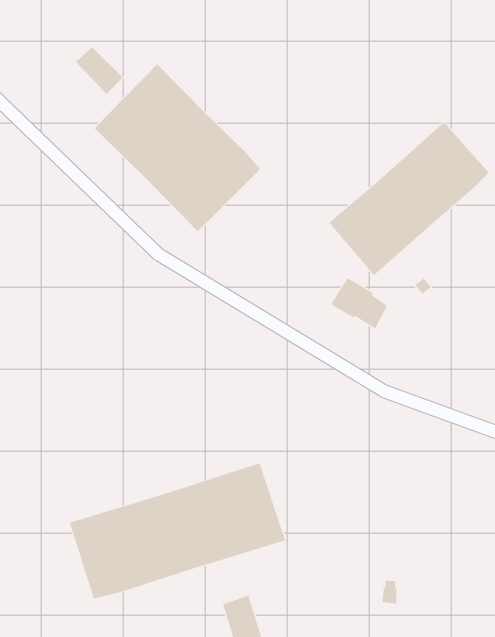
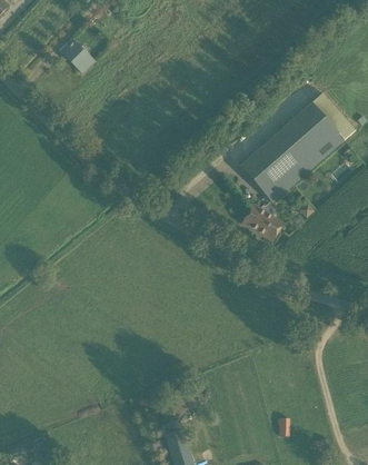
building: [94,63,261,232] -> none
building: [69,463,286,600] -> none

